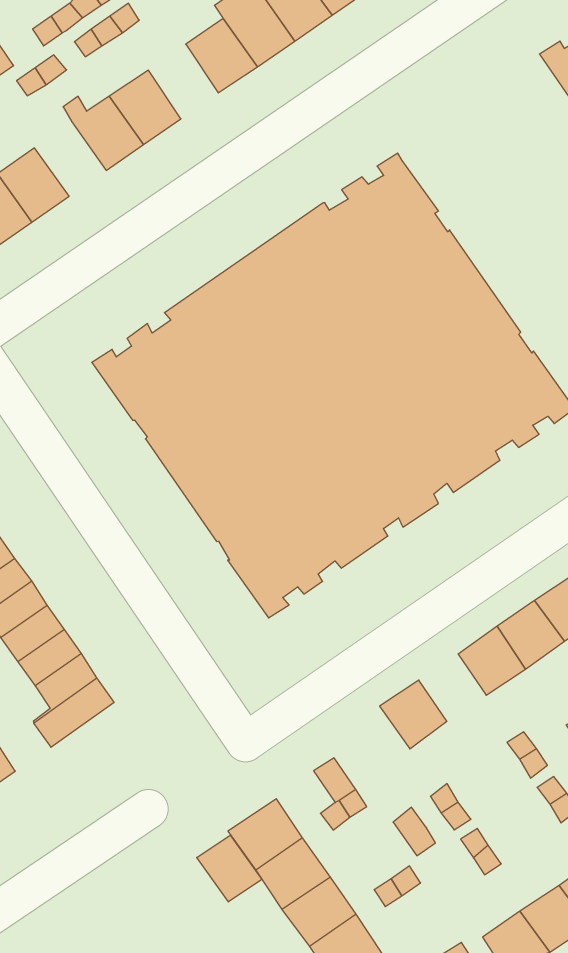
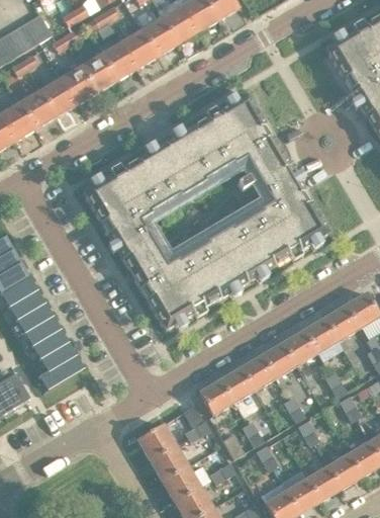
building: none -> [121,29,157,68]
building: none -> [56,65,96,104]
building: none -> [241,355,275,390]
building: none -> [198,379,233,415]
building: [197,835,262,902] -> none

